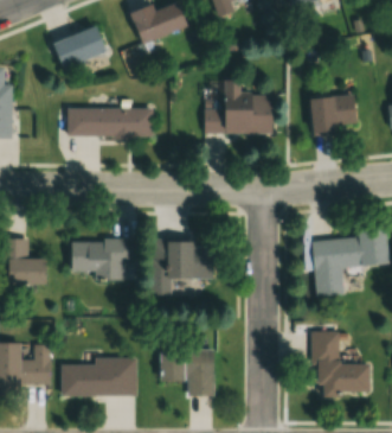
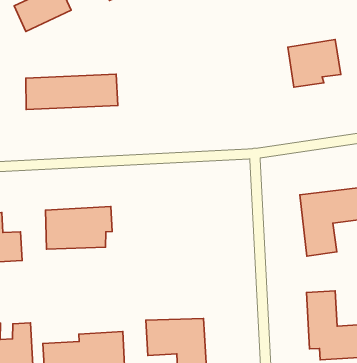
building: [204,91,271,133] -> none
building: [153,240,211,294] -> none

